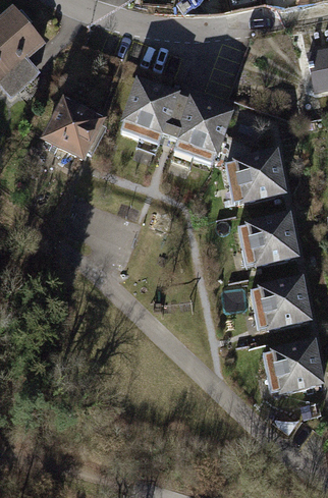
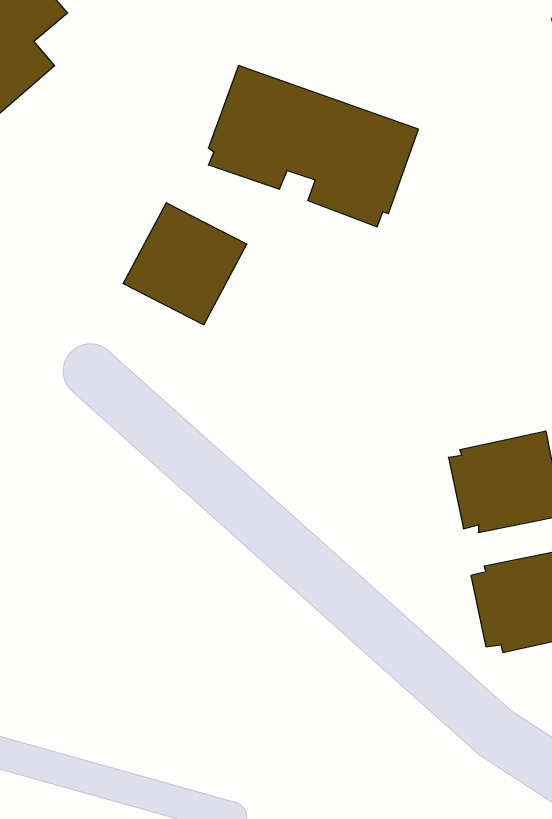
building: [39,94,106,160] -> [123,203,247,325]
building: [225,147,288,204] -> none
building: [238,211,299,267] -> none

